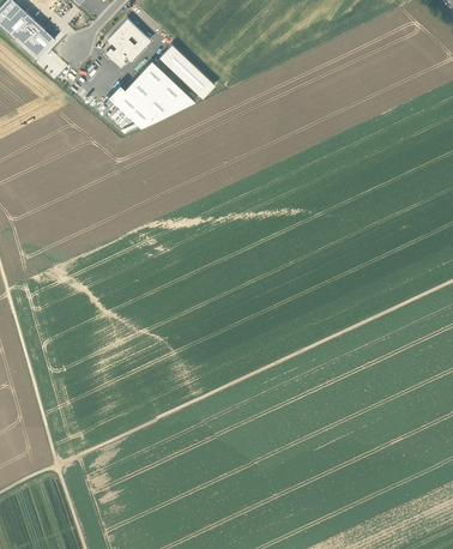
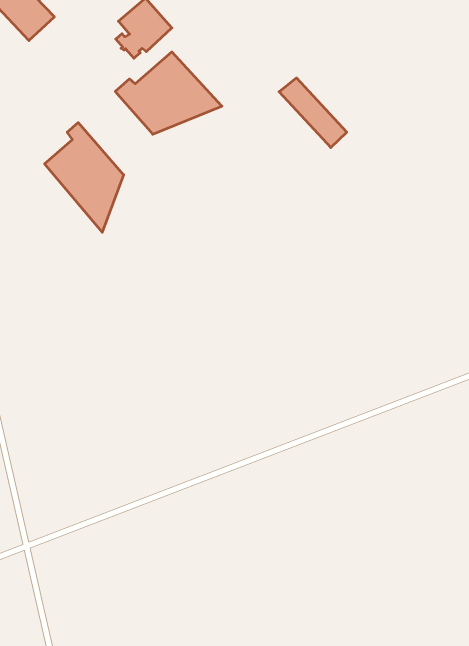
building: [158,44,215,98] -> [279,78,347,148]
building: none -> [45,123,124,232]

